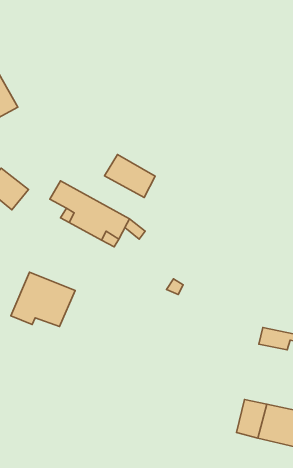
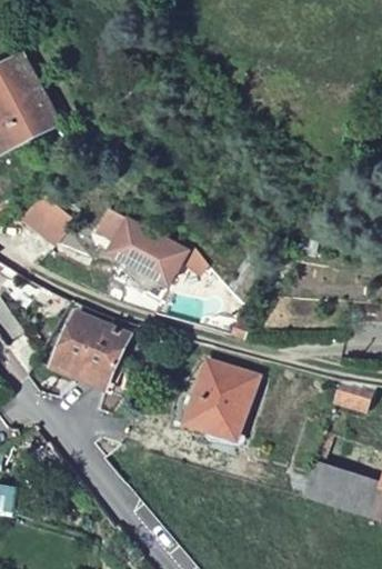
building: [105,155,155,197] -> none
building: none -> [190,361,257,439]

